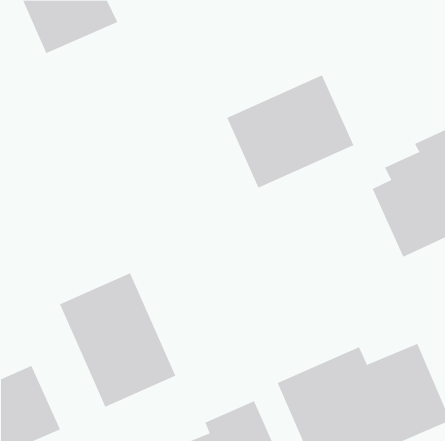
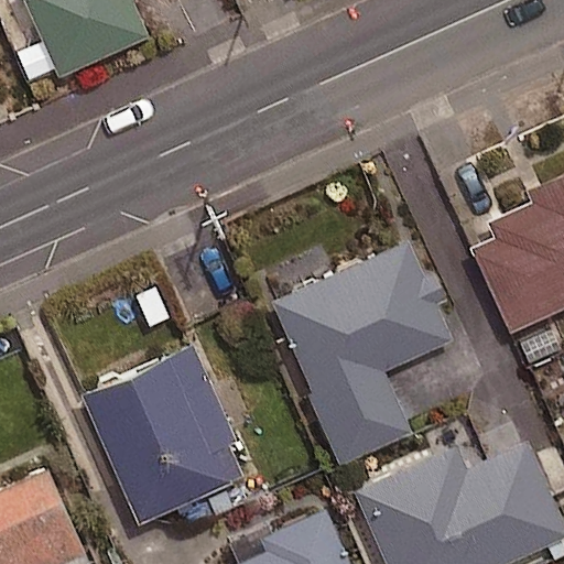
building: [226,75,354,189] -> none
building: none -> [271,239,452,462]

